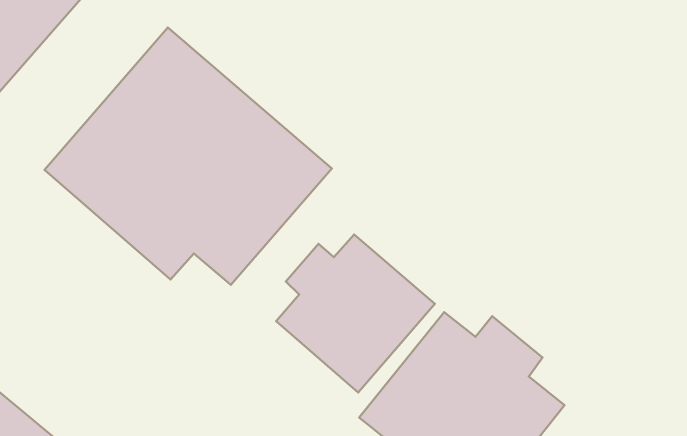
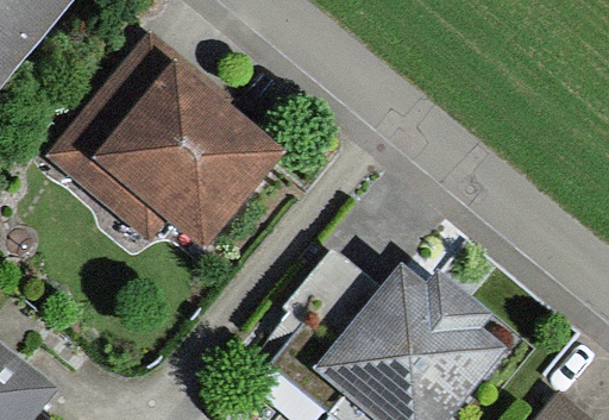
building: [276,234,435,393] -> none

